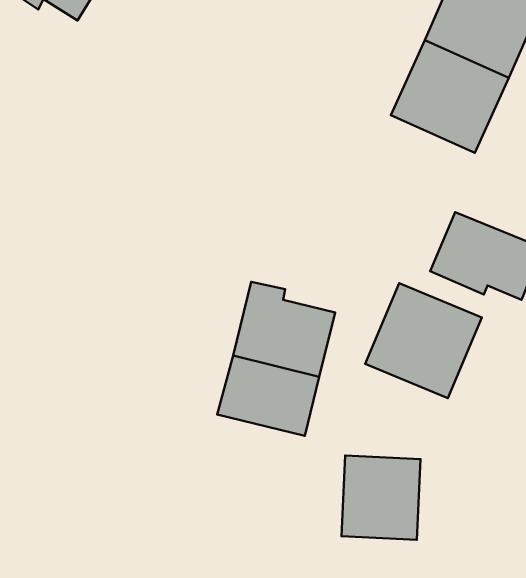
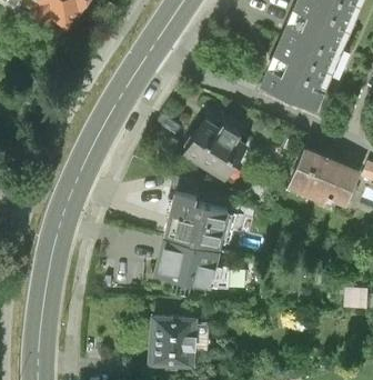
building: none -> [184,114,251,179]
building: [365,283,482,398] -> none
building: [342,456,420,540] -> [149,314,198,367]

